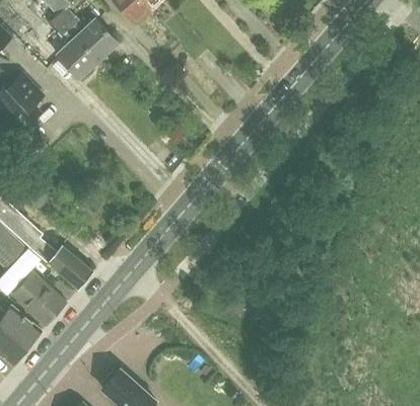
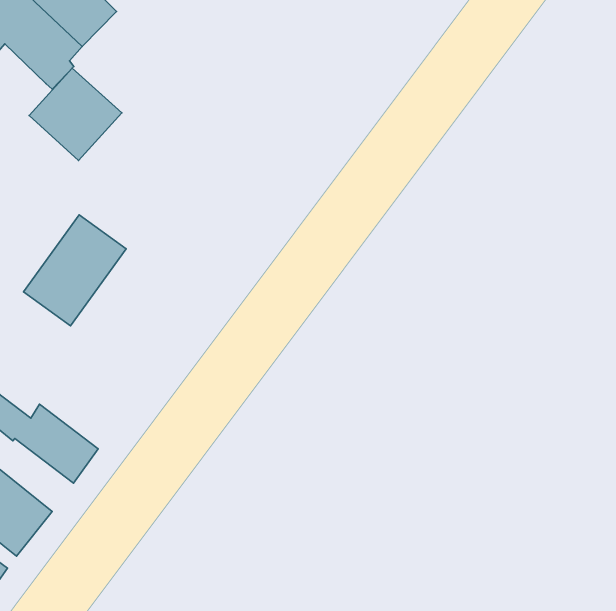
building: none -> [29,68,122,161]
building: none -> [24,215,126,326]

